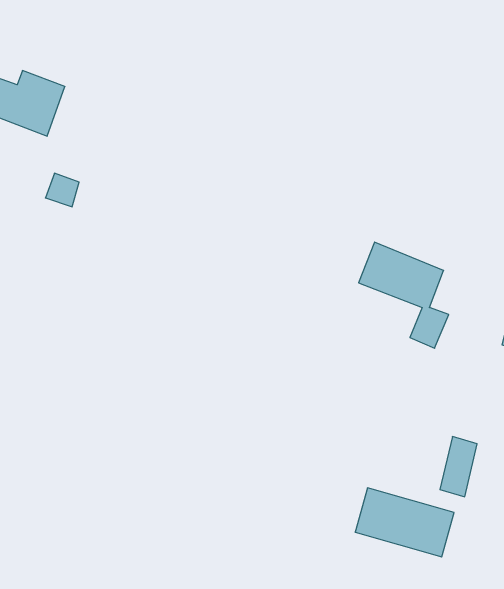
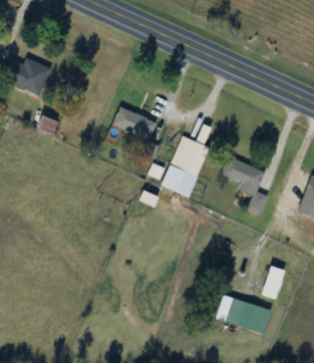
building: none -> [111,104,158,141]
building: none -> [161,123,214,197]

